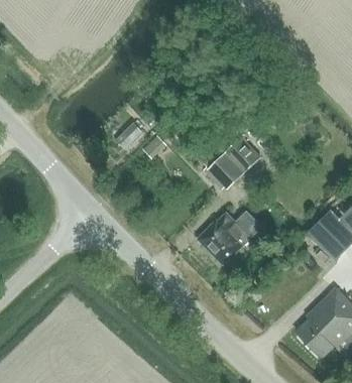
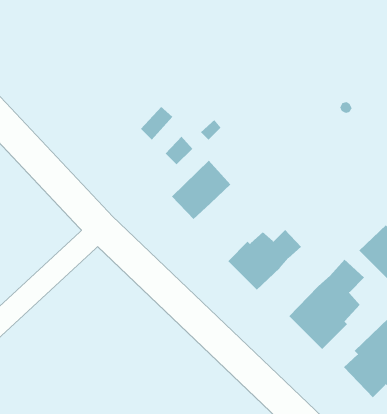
building: [208,136,259,187] -> [171,160,231,220]
building: none -> [289,259,365,350]

